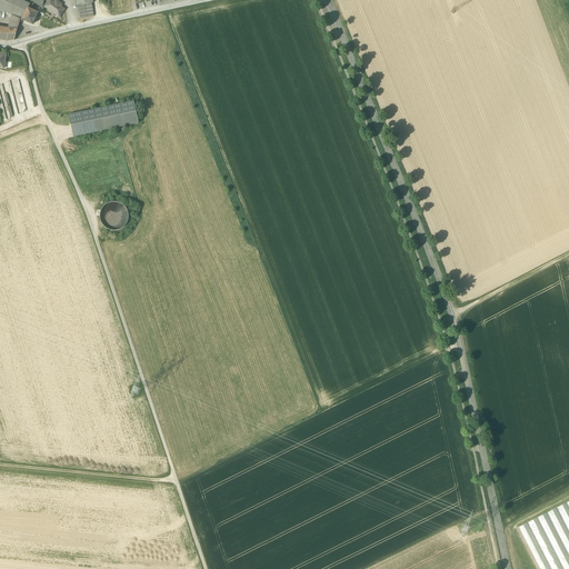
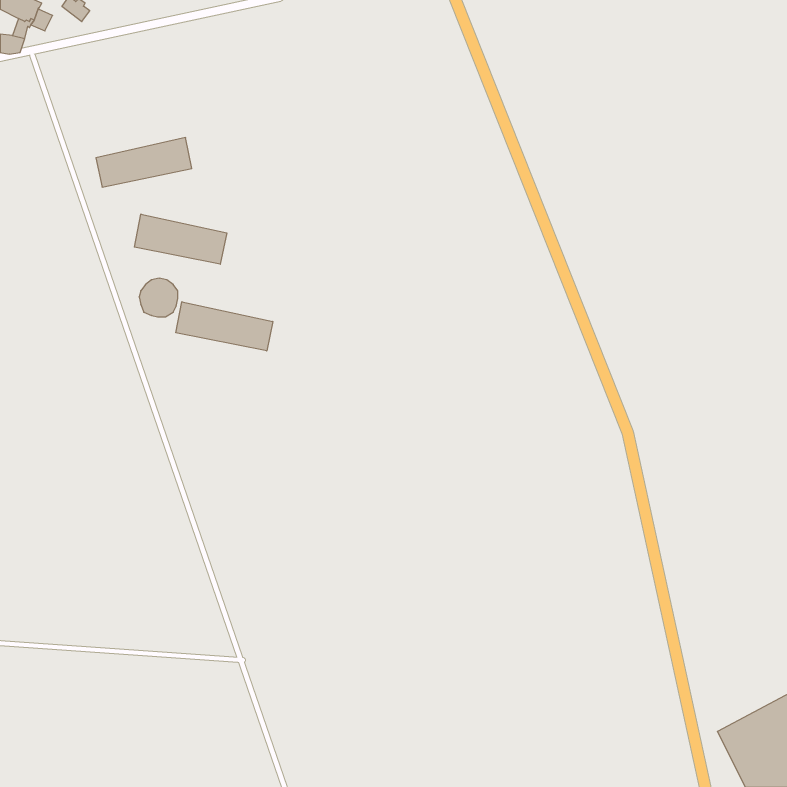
building: none -> [134,214,227,264]
building: none -> [176,302,273,351]

